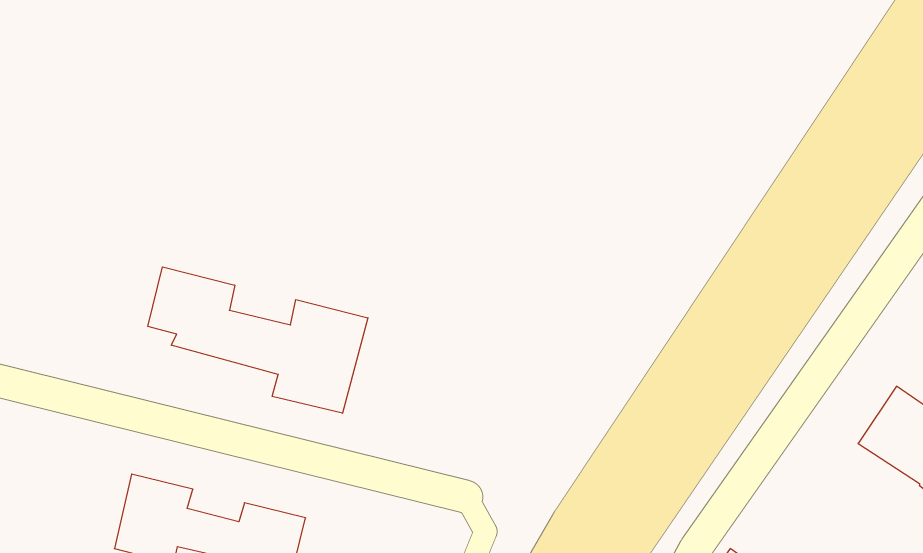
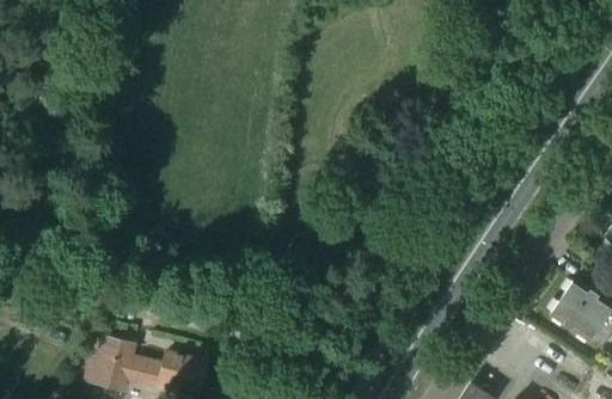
building: [148,267,368,413] -> none

